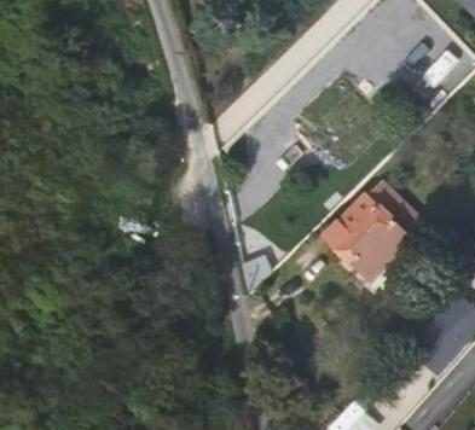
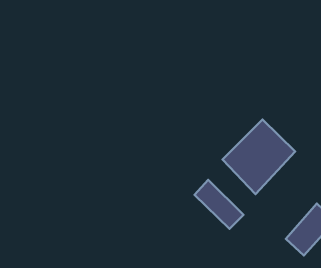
building: none -> [194,180,243,229]

